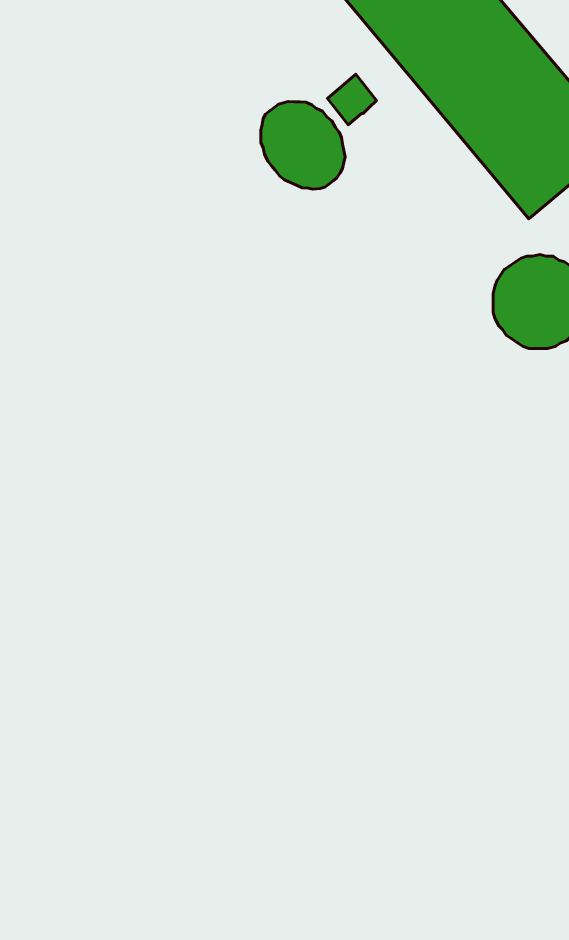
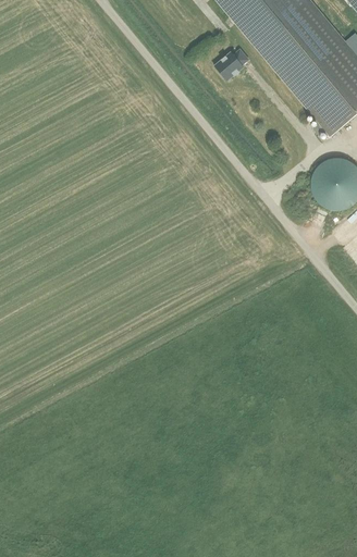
building: [261,101,345,189] -> none

